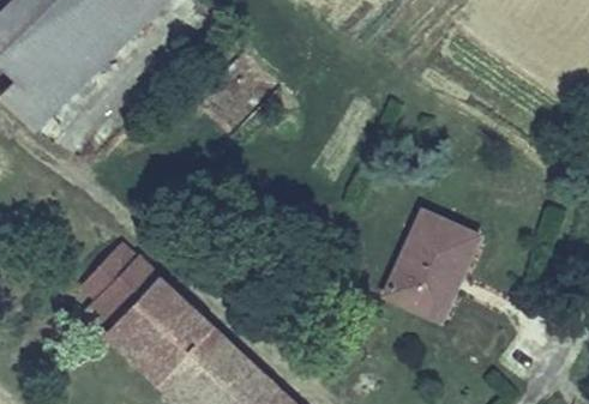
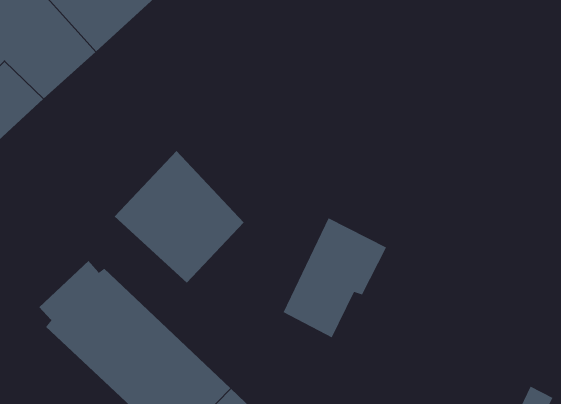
building: none -> [114,150,244,283]
building: [381,207,477,319] -> [282,217,387,339]

